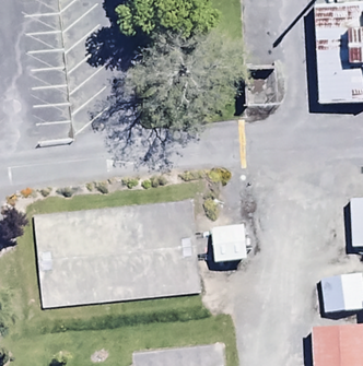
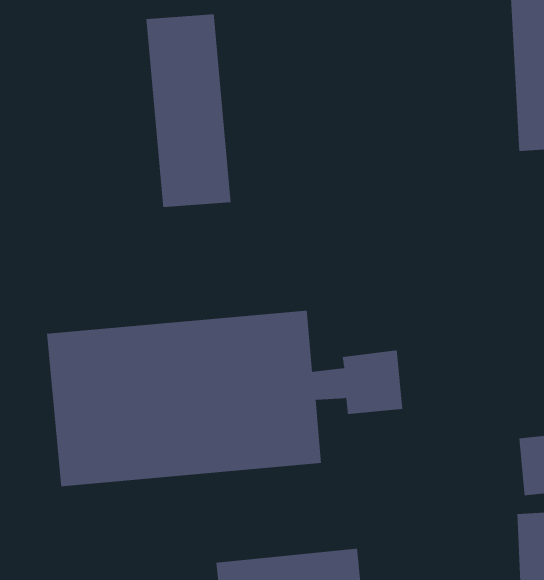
building: none -> [146,13,231,208]

